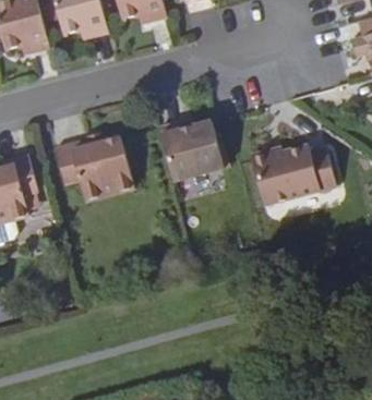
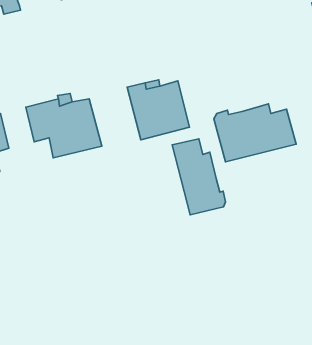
building: none -> [172,139,225,215]

